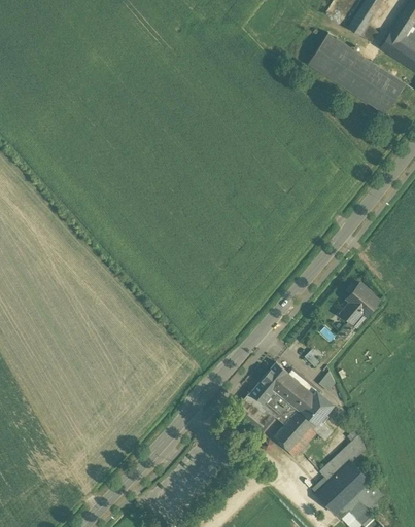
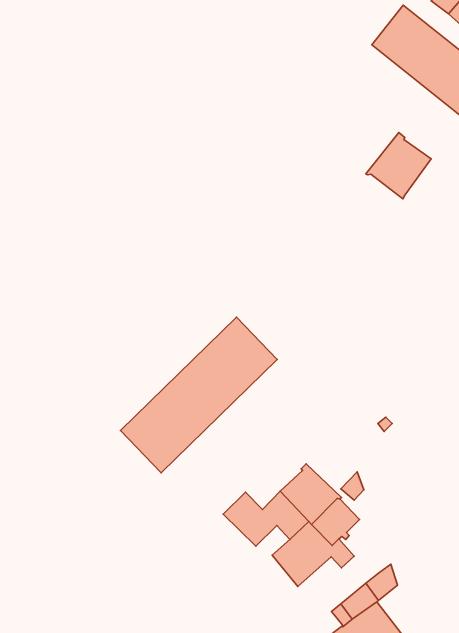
building: none -> [366,132,431,199]
building: none -> [120,317,277,473]
building: [344,285,378,327] -> none
building: [250,362,289,405] -> none

